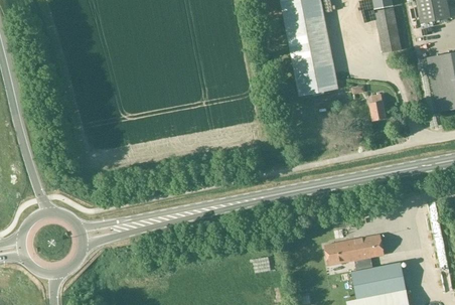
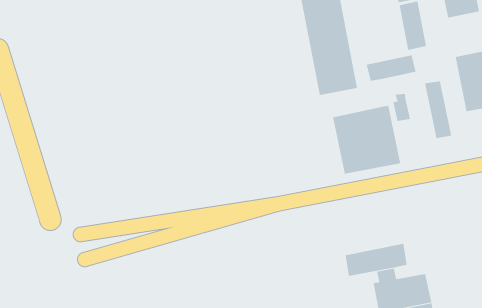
building: none -> [366,55,416,82]
building: none -> [425,80,452,139]
building: none -> [333,105,401,174]

